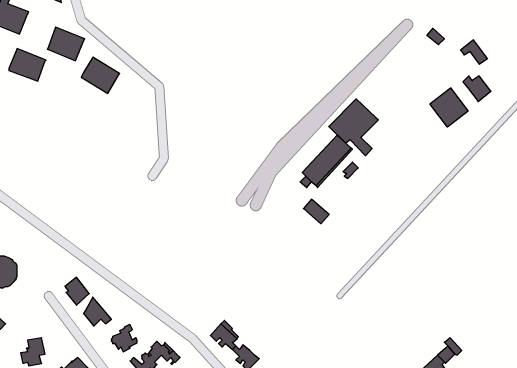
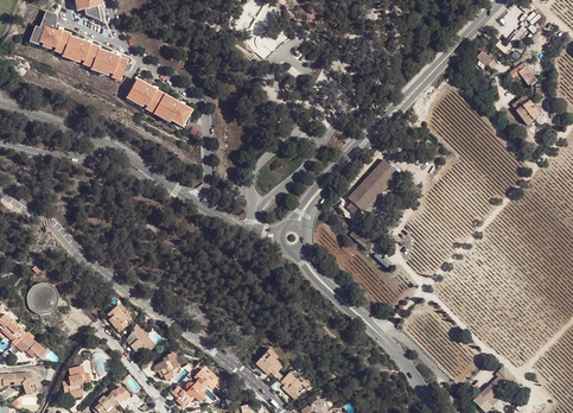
building: [9,49,46,81] -> [61,34,98,68]
building: none -> [151,95,190,131]
building: [430,88,468,127] -> none
building: [329,99,378,156] -> none

